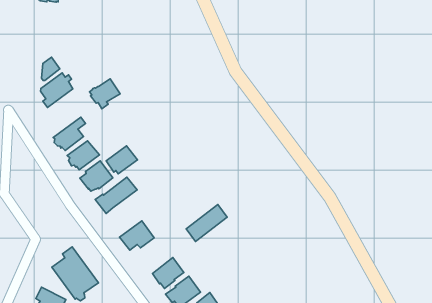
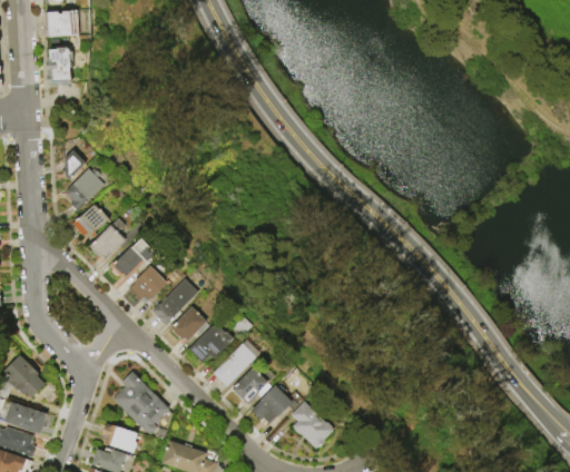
building: [89,79,120,109] -> [72,204,109,240]
building: [106,146,137,174] -> [170,306,207,341]
building: [186,204,227,241] -> [214,338,261,386]

